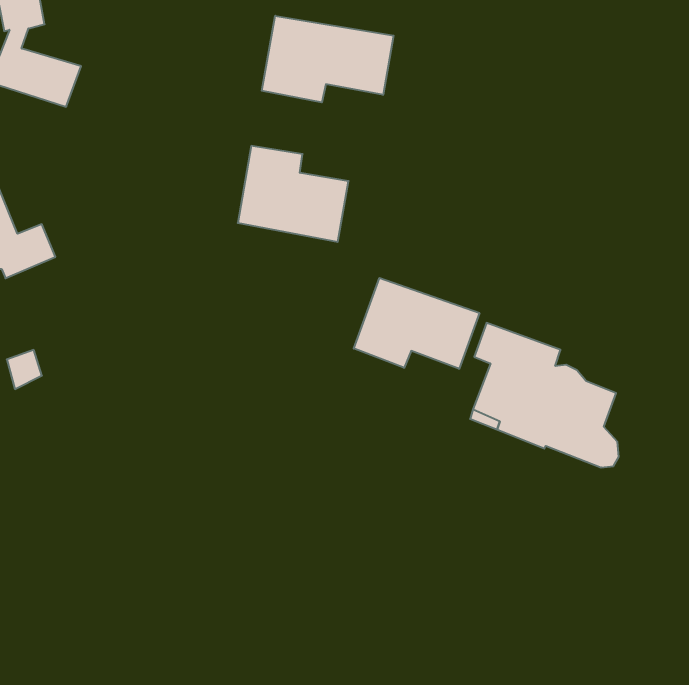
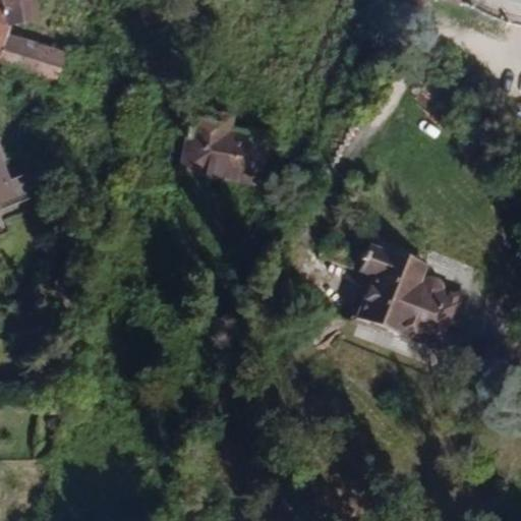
building: [262,16,394,102] -> none
building: [354,278,479,369] -> none

